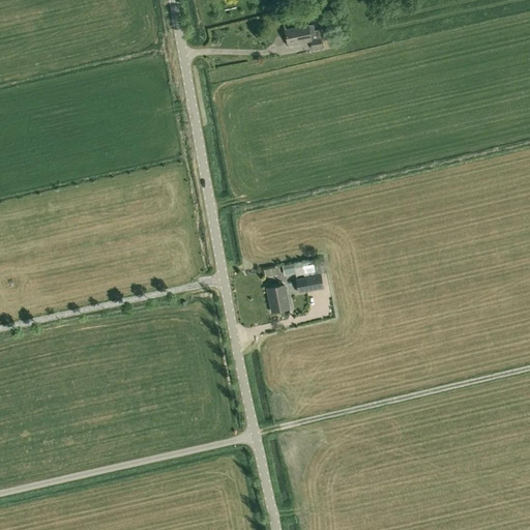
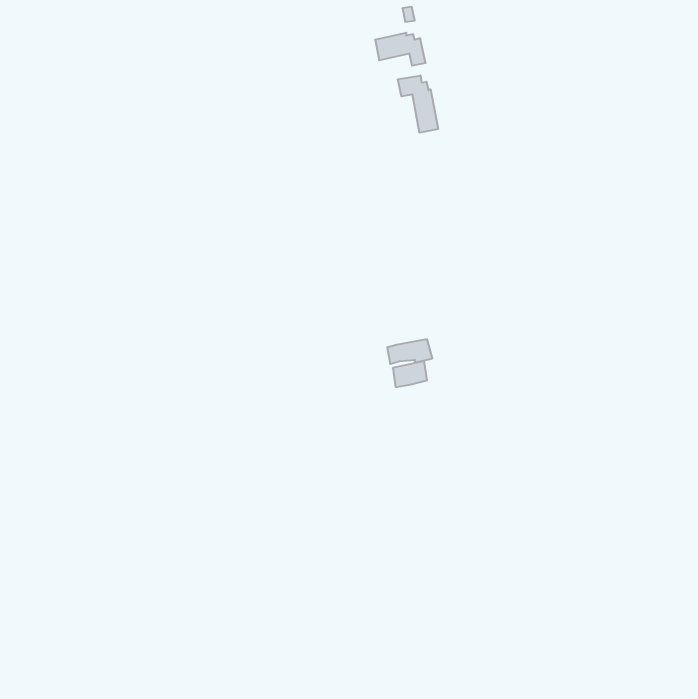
building: none -> [398,75,438,133]
building: [266,285,287,312] -> none

